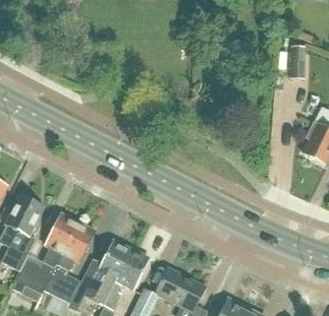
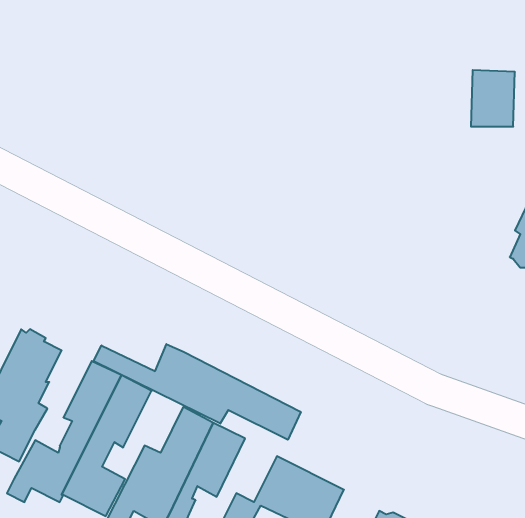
building: none -> [94,344,301,440]

